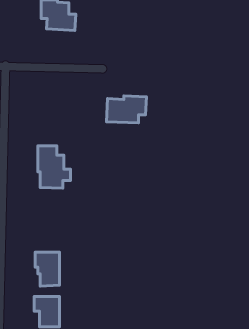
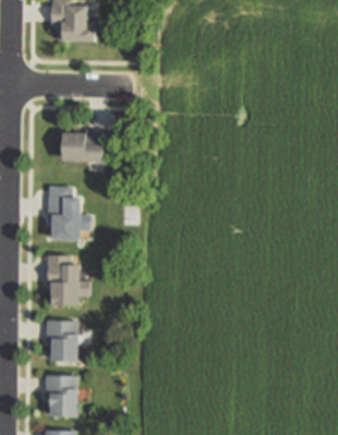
building: [107,96,146,123] -> [63,127,113,161]
building: none -> [47,254,76,305]

